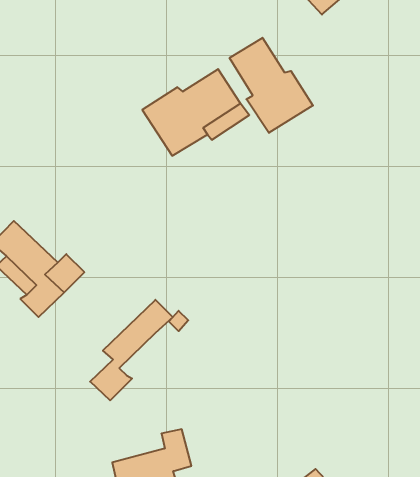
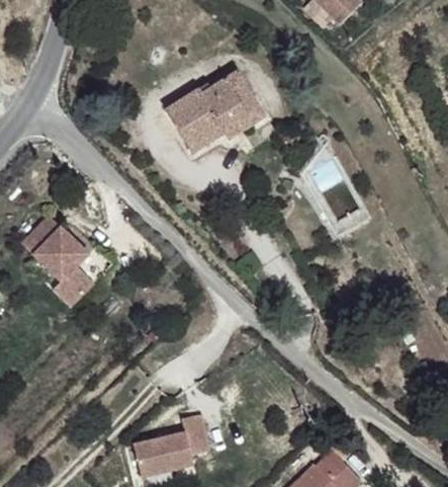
building: [230,38,313,133] -> none
building: [90,300,173,400] -> none

